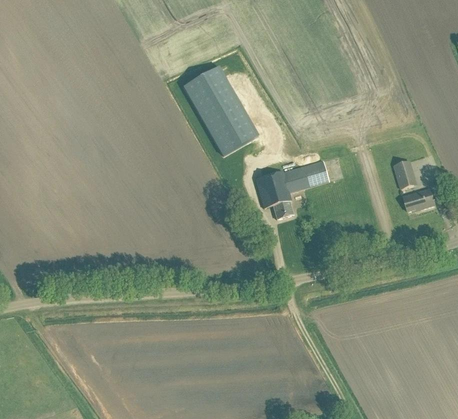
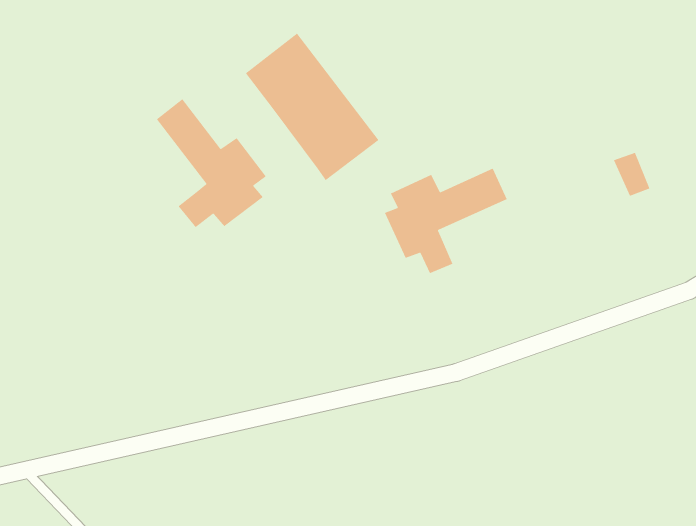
building: none -> [156,98,267,228]
building: [403,188,434,211] -> none

